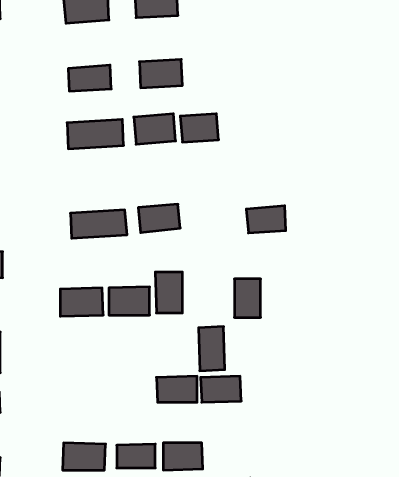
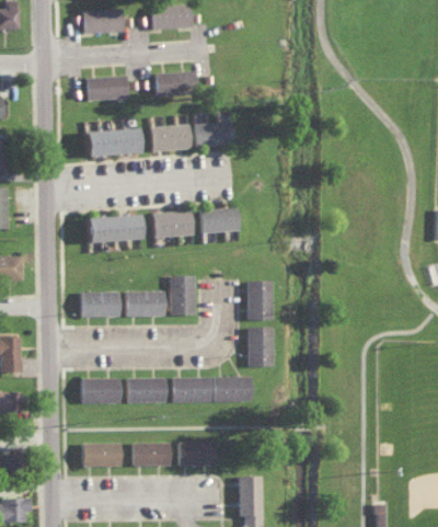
building: [246,206,286,233] -> [199,207,238,233]
building: [199,327,225,371] -> [247,326,273,369]
building: none -> [80,378,120,403]
building: none -> [126,379,166,404]

